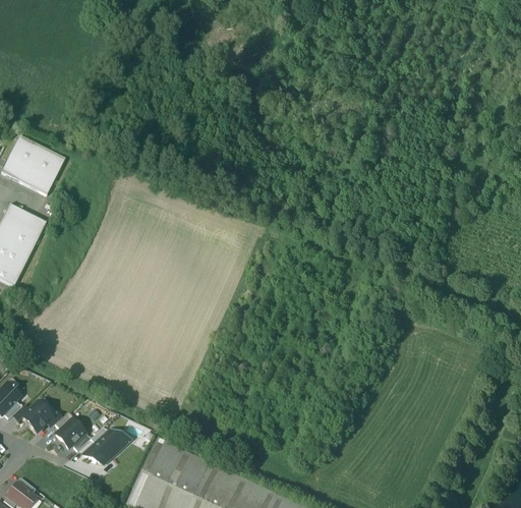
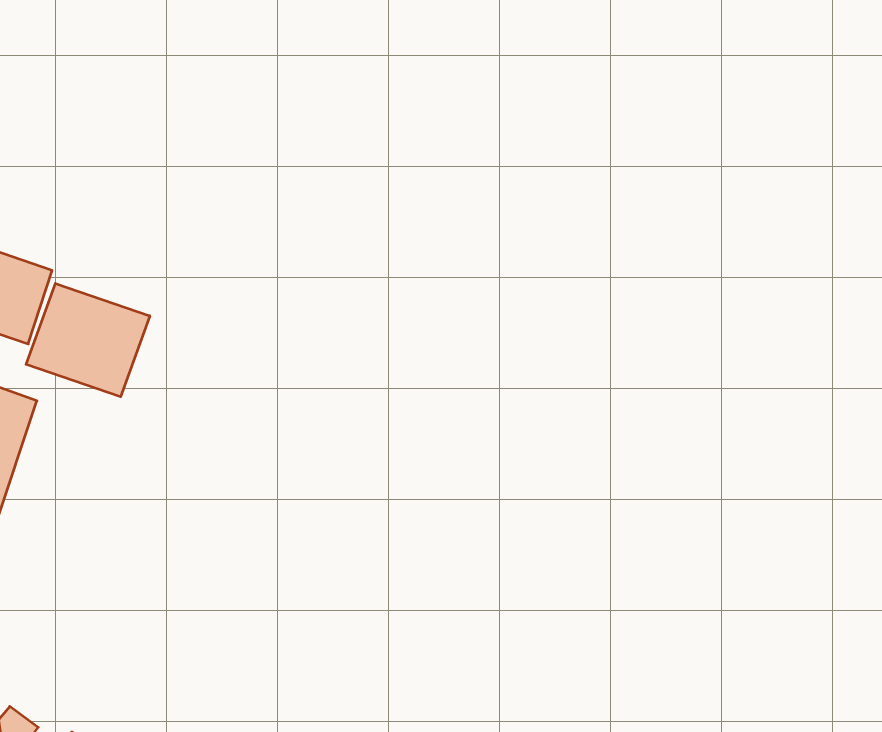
building: none -> [26,283,150,397]

